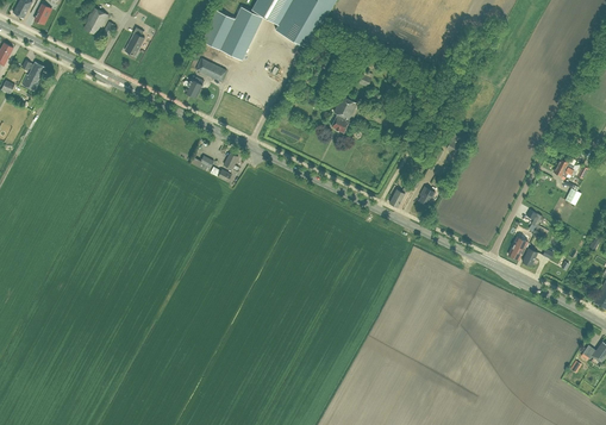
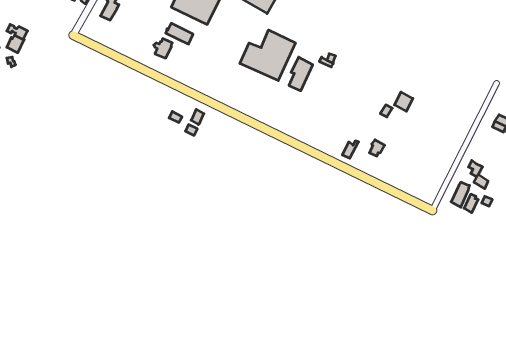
building: none -> [240,30,295,81]

